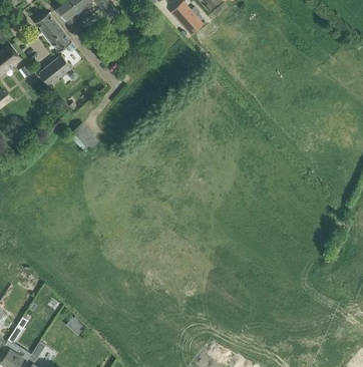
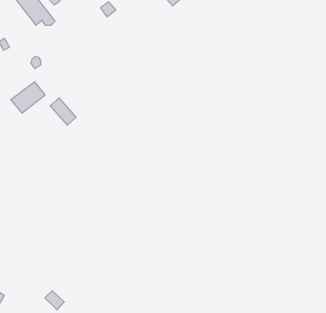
building: [37,55,71,86] -> [11,82,45,113]

